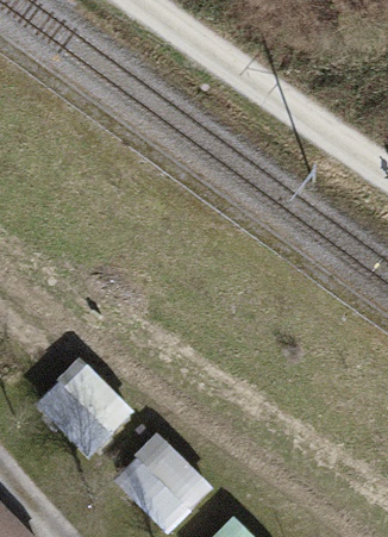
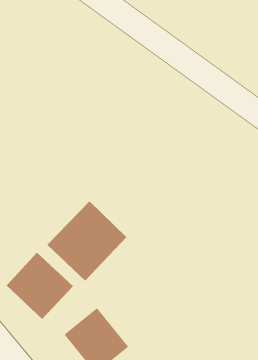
building: none -> [47,200,127,281]

